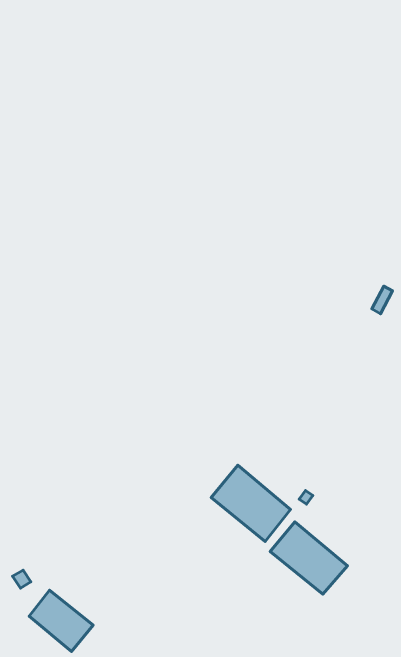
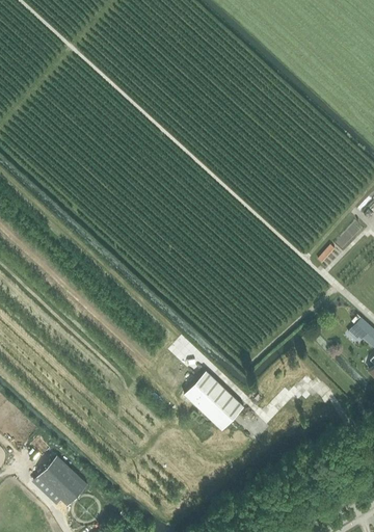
building: [270,522,348,594] -> none

